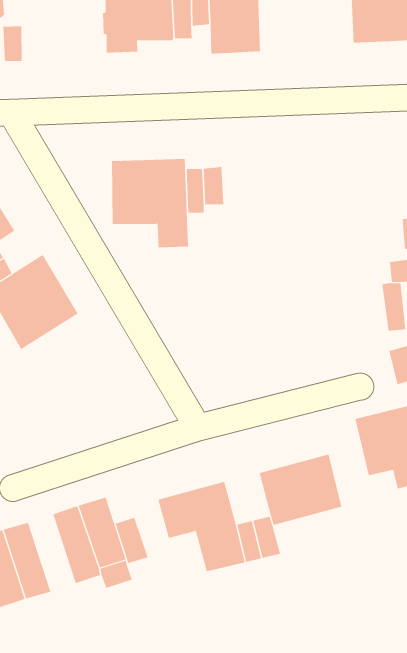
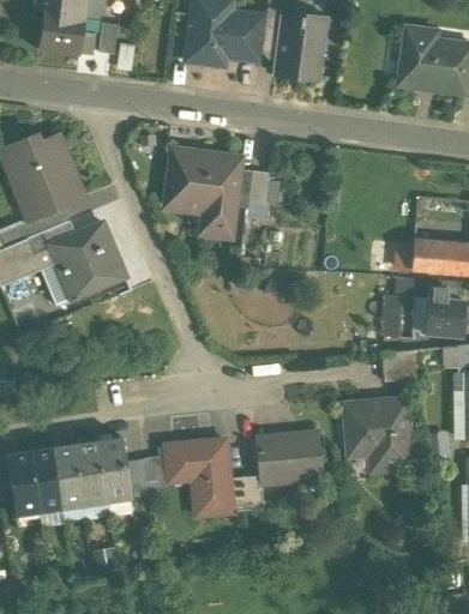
building: none -> [53,444,84,510]

